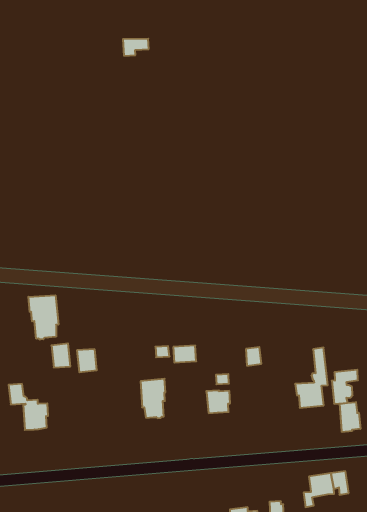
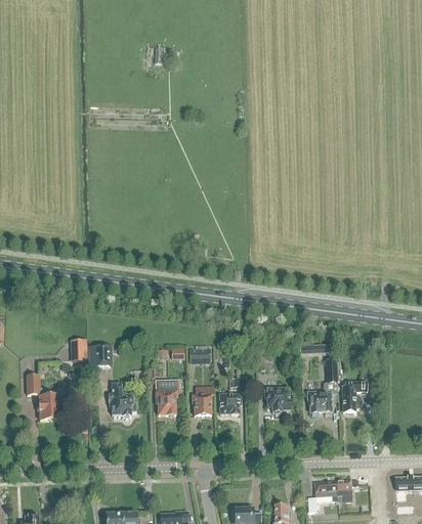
building: [28,295,58,340] -> none
building: none -> [264,388,290,413]
building: none -> [109,384,136,418]
building: none -> [192,394,211,417]
building: [340,402,360,432] -> none

